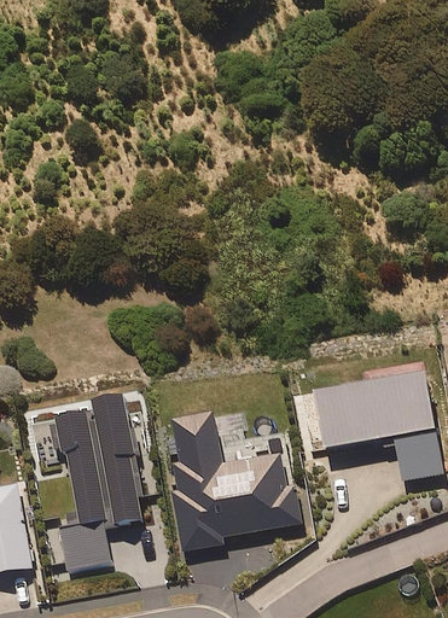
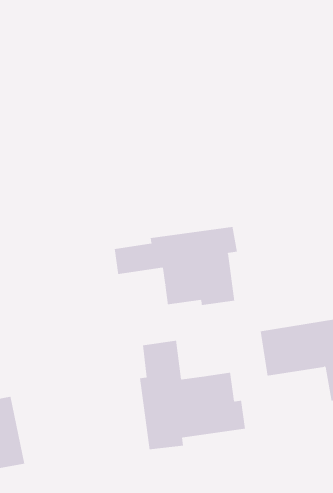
building: none -> [114,226,238,306]
building: [57,397,140,567] -> none

